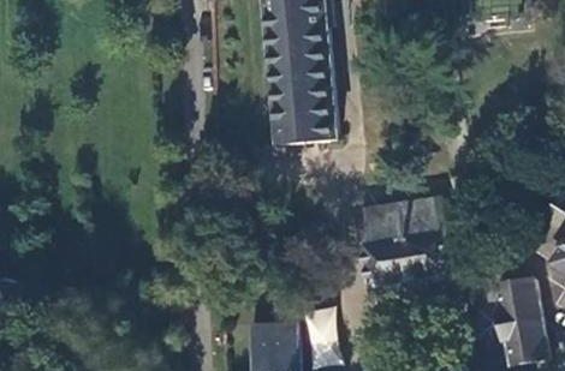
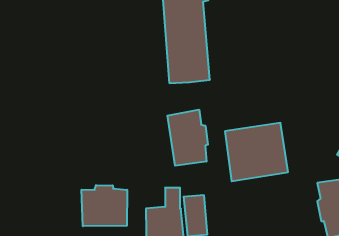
building: none -> [167,110,208,166]
building: none -> [82,185,127,226]

